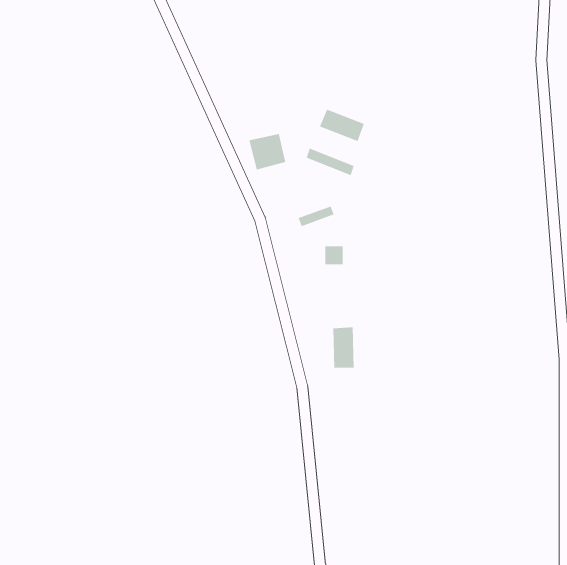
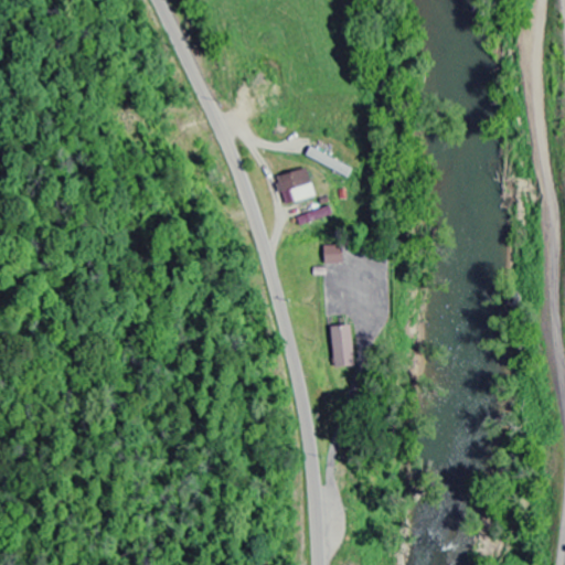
building: [319,109,365,142] -> none
building: [248,133,286,170] -> [277,168,315,204]

